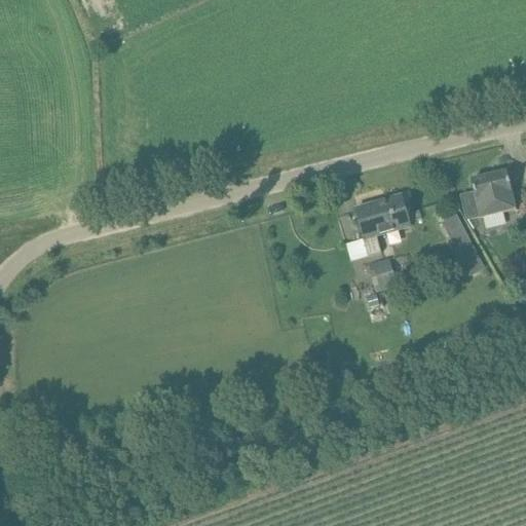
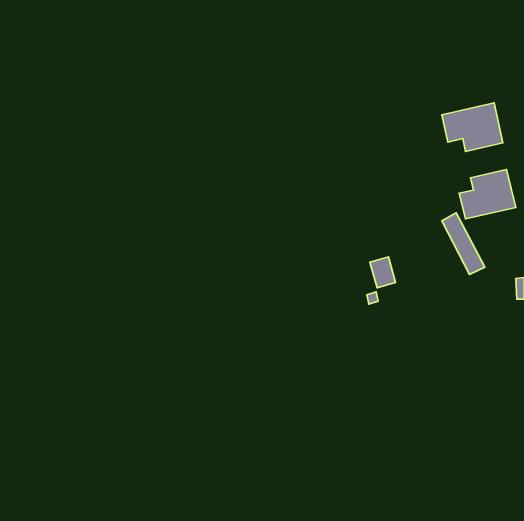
building: none -> [442,103,503,151]
building: [354,194,410,255] -> none

